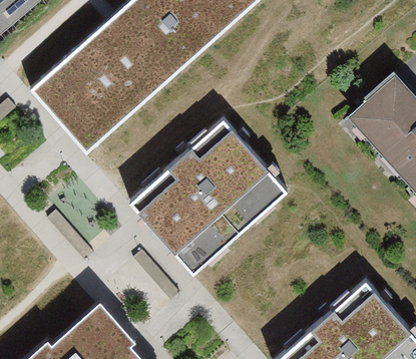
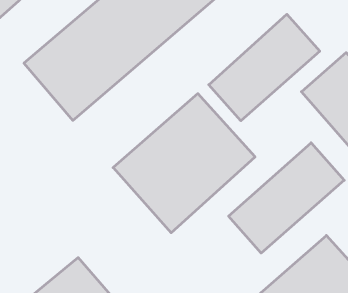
building: none -> [209,14,320,121]
building: none -> [229,143,344,253]

